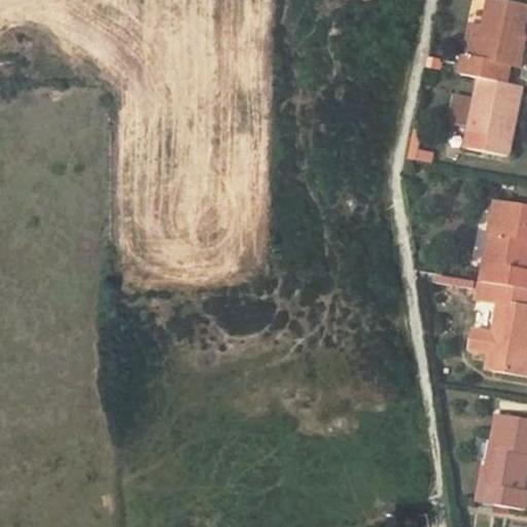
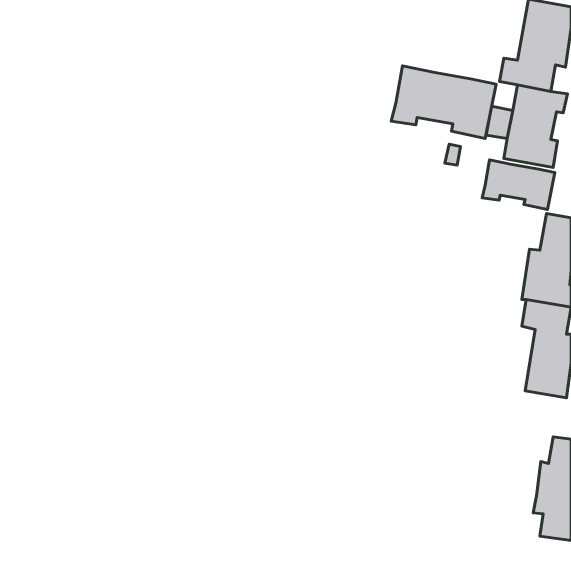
building: none -> [391,66,496,138]
building: none -> [482,160,555,209]

